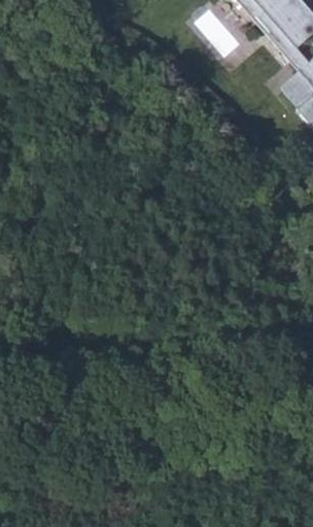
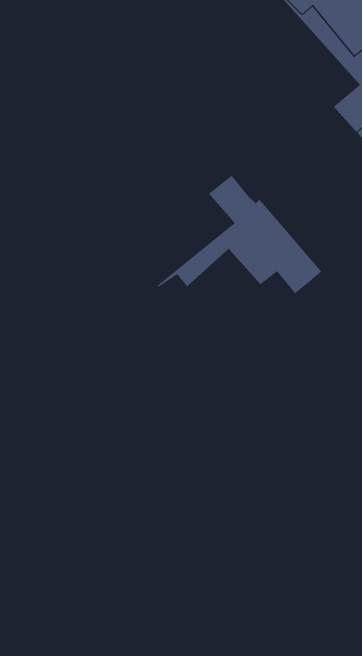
building: none -> [156,175,322,294]

